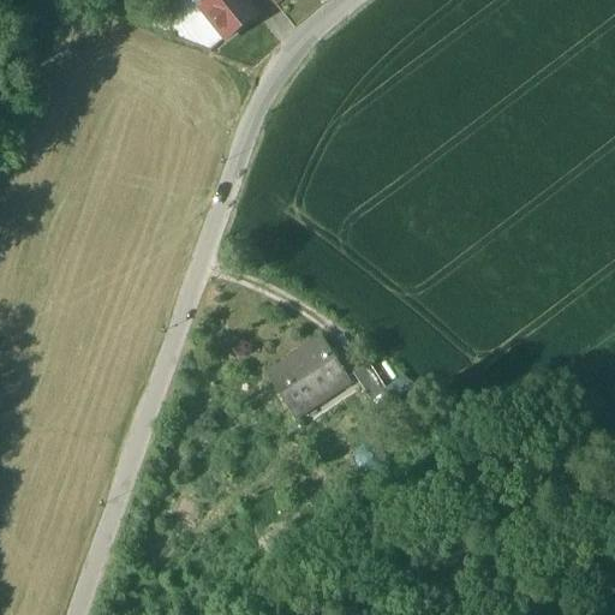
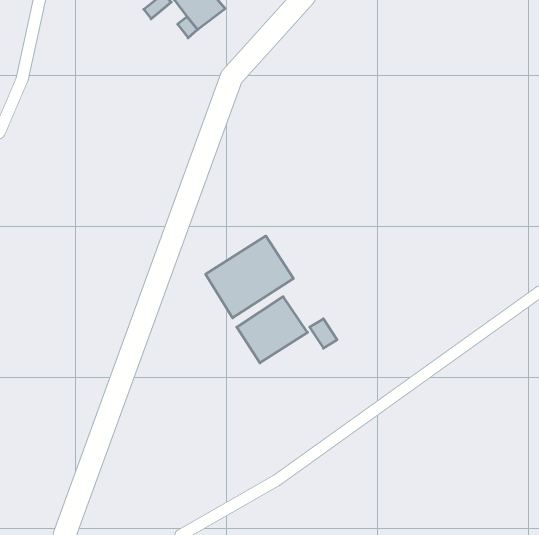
building: none -> [206,236,293,318]

